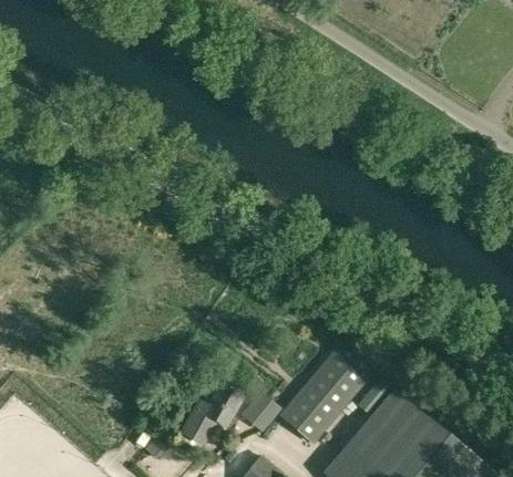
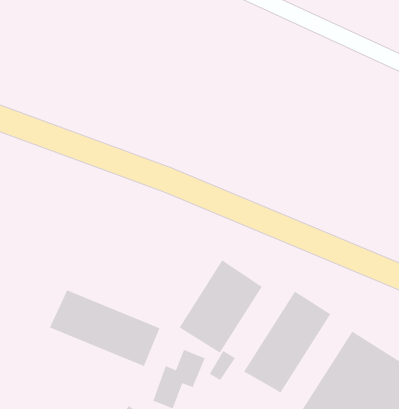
building: none -> [179,260,262,354]
building: none -> [49,289,160,367]

